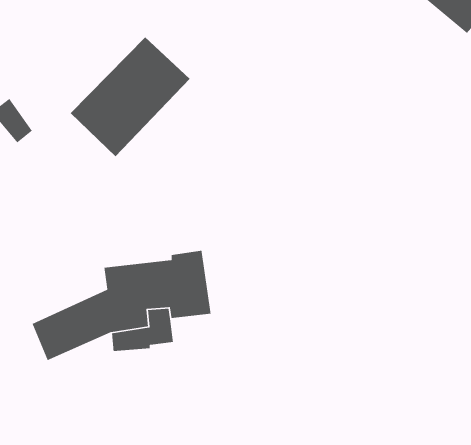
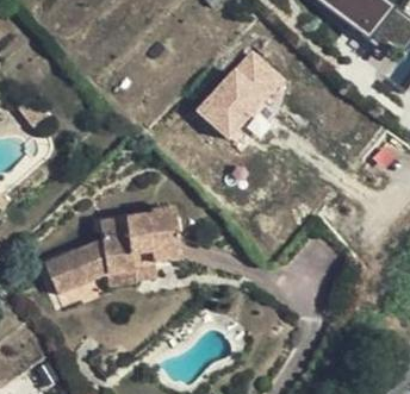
building: [70,37,191,157] -> [194,48,286,139]

